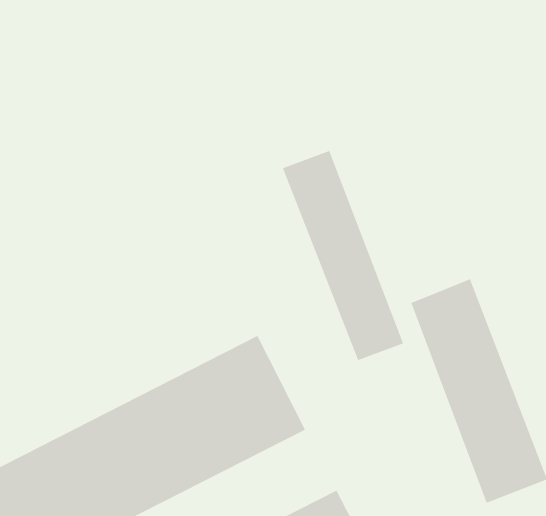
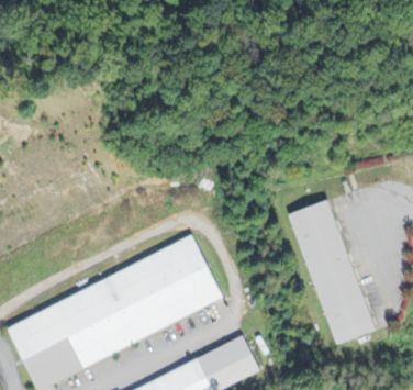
building: [282,150,404,361] -> none

